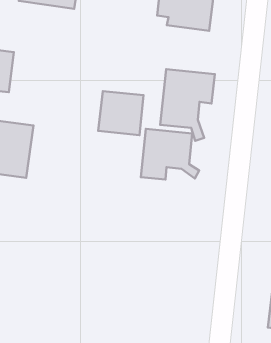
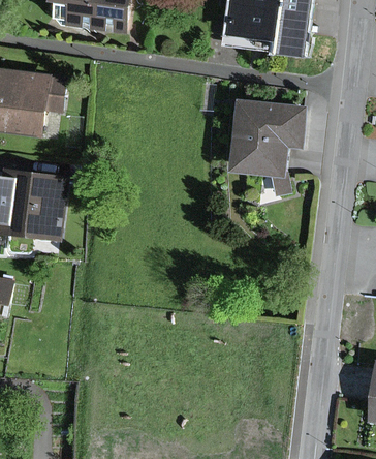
building: [98,91,144,135] -> none
building: [141,129,199,179] -> none

